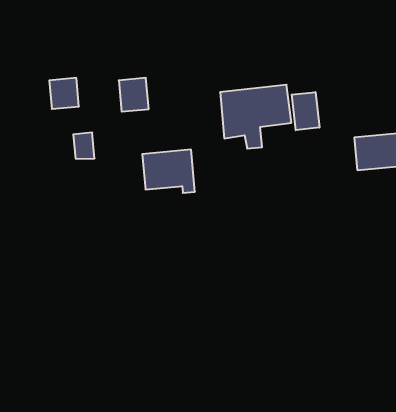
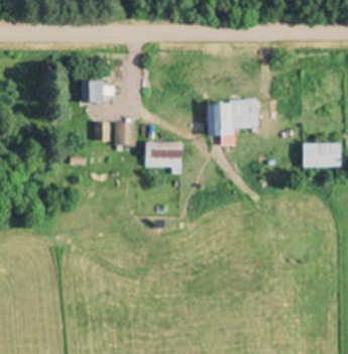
building: [119,78,149,112] -> [116,122,136,145]
building: [292,92,319,130] -> none

